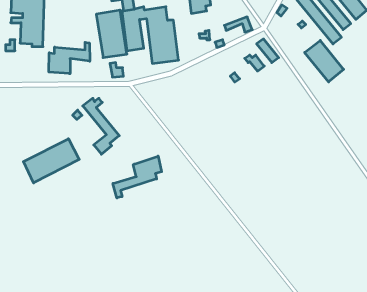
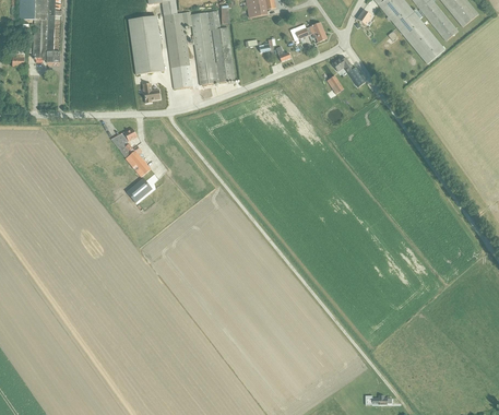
building: [305,40,344,82] -> none
building: [49,42,90,74] -> none
building: [23,139,79,183] -> none
building: [113,156,162,198] -> none

